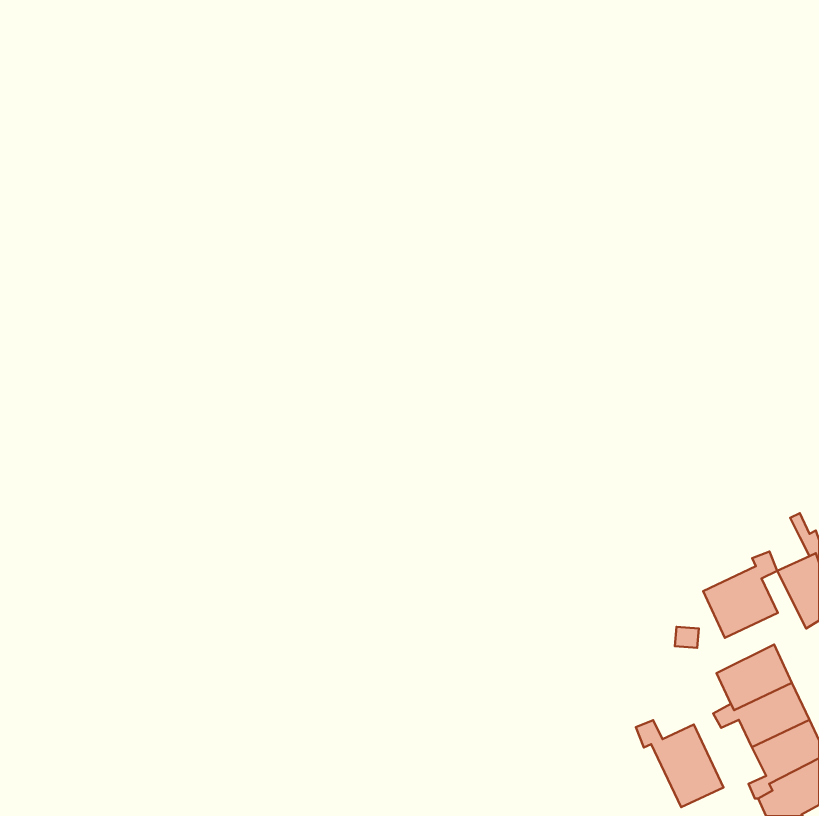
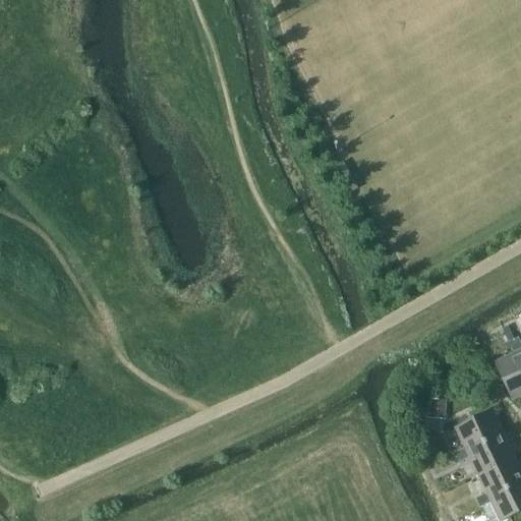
building: [703,552,778,638] -> none
building: [636,720,723,807] -> none

